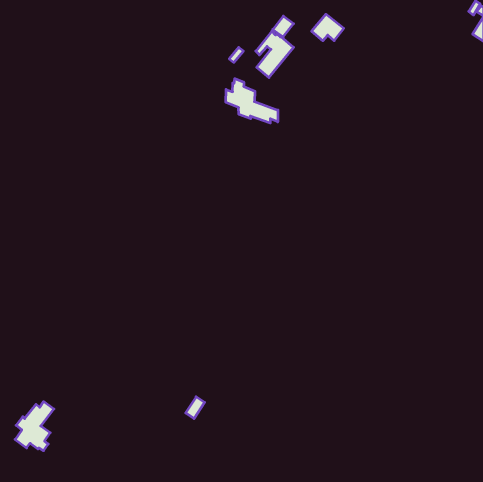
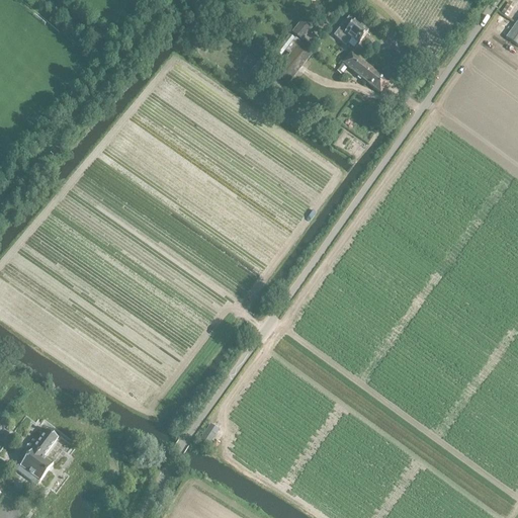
building: none -> [338,52,388,92]
building: [226,79,278,123] -> none

